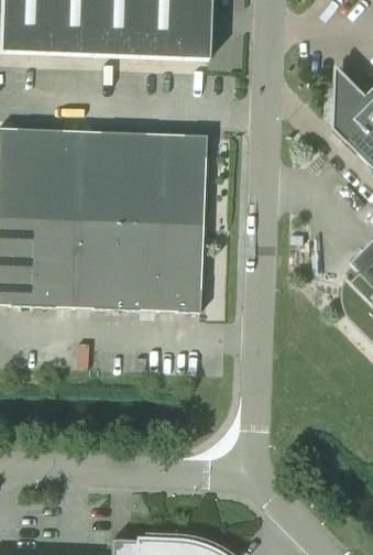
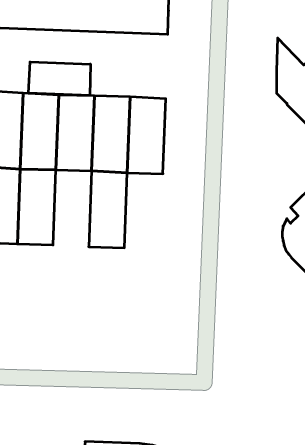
building: none -> [29,62,90,95]
building: [73,218,118,308] -> none
building: [156,221,201,312] -> none

